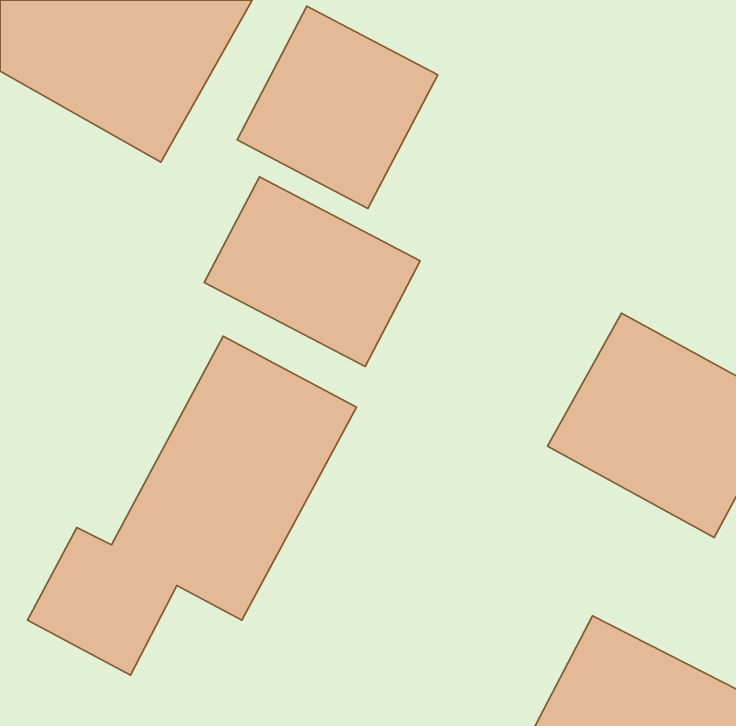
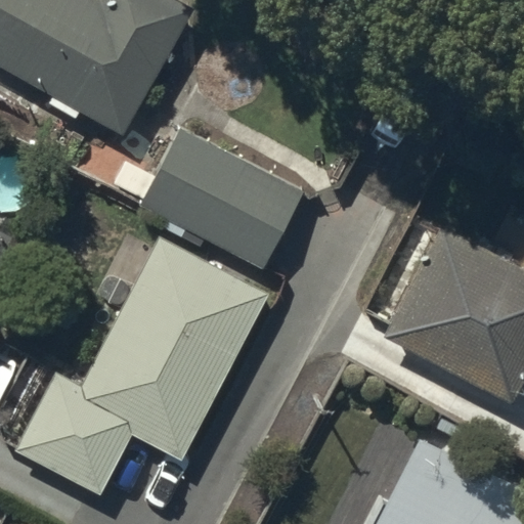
building: [237,6,438,208] -> none

